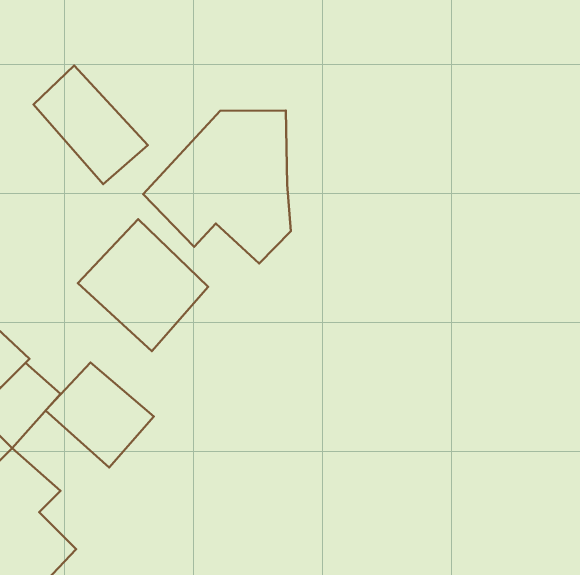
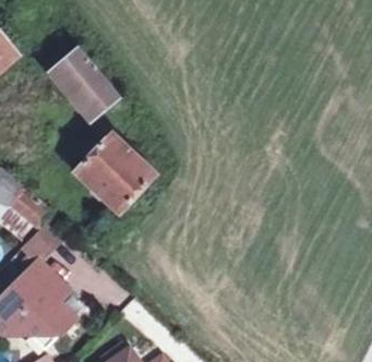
building: [143,110,291,263] -> none
building: [46,363,154,467] -> none

